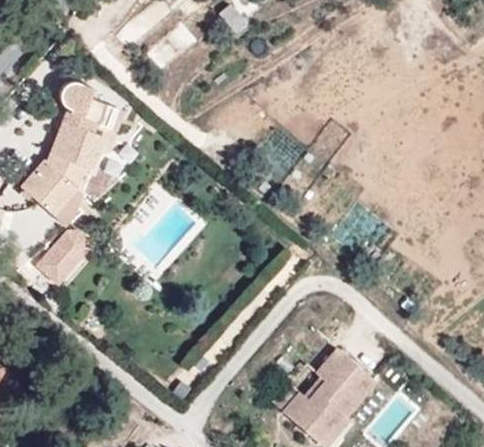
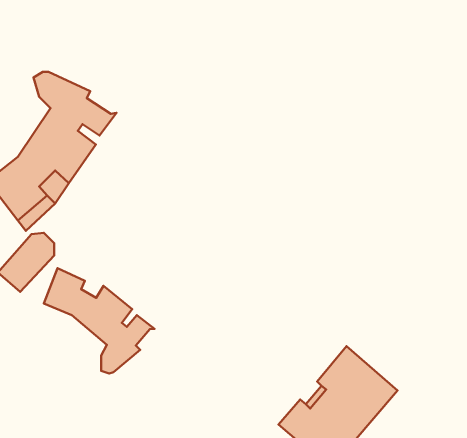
building: none -> [44,268,154,373]

